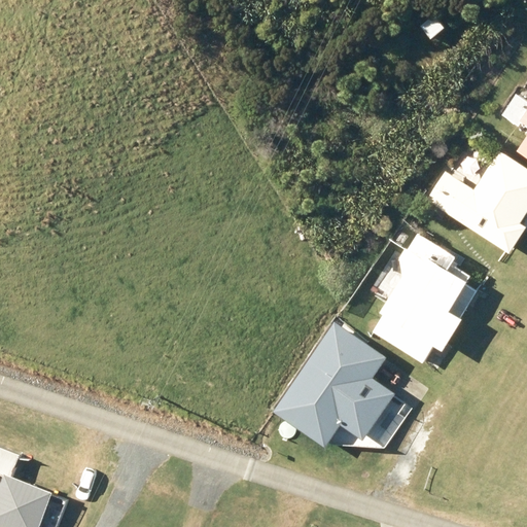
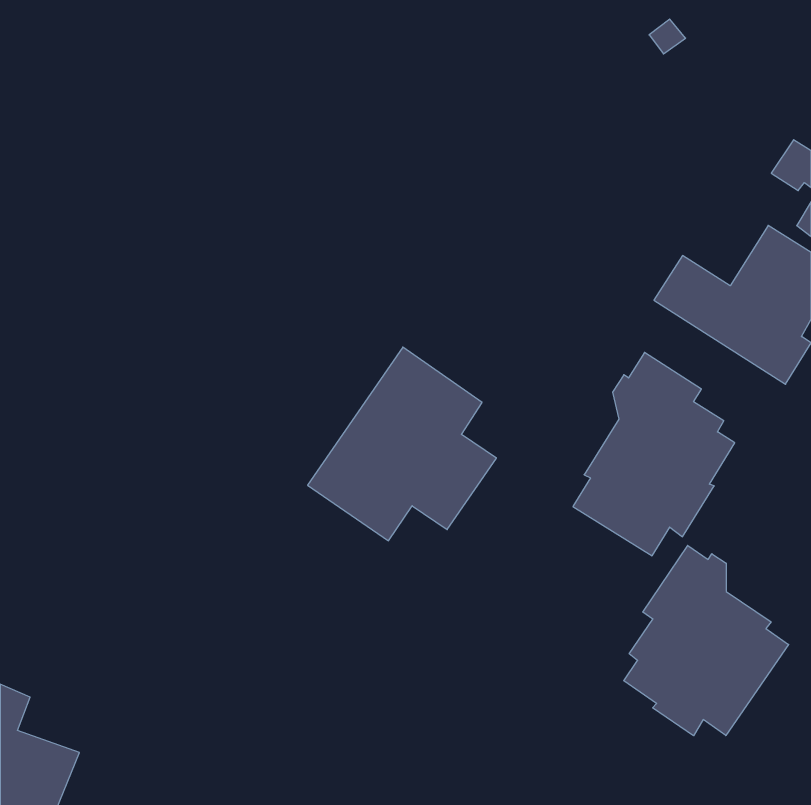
building: [273,322,395,448] -> [308,347,496,541]
building: none -> [624,545,789,736]

